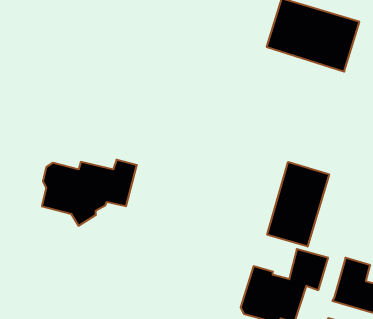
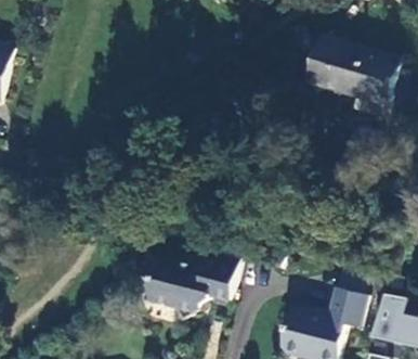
building: [42,160,137,226] -> [148,253,244,319]
building: [267,162,329,247] -> none

